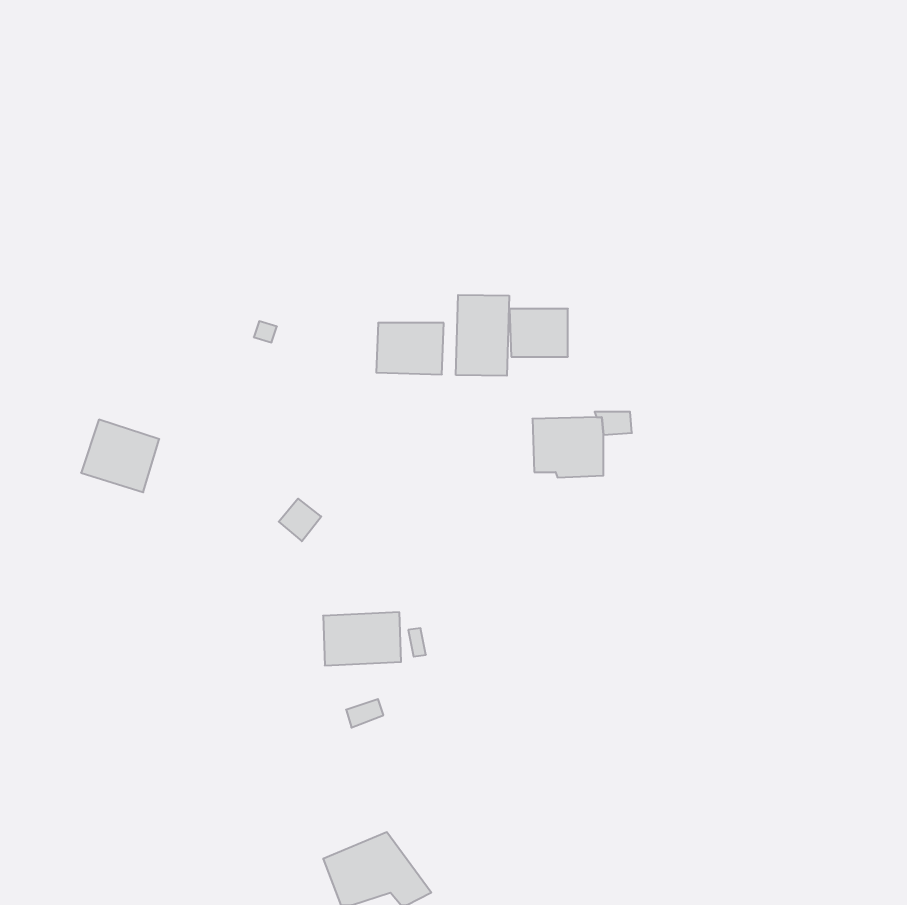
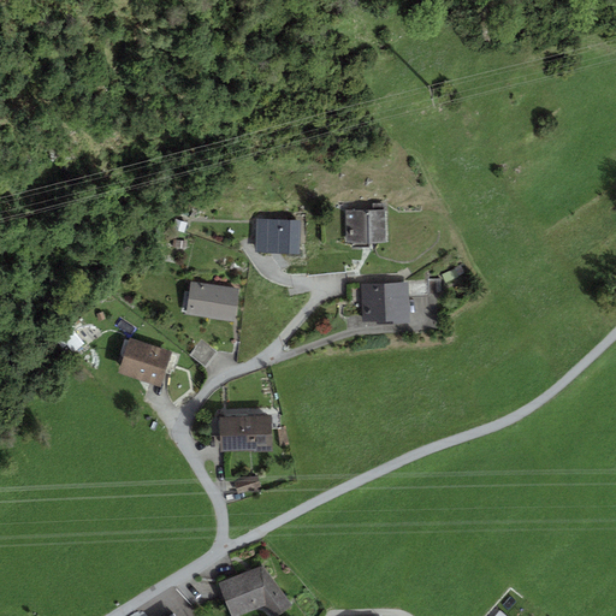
building: [456,295,509,376] -> none
building: none -> [186,282,239,320]
building: [81,420,159,492] -> [118,337,171,386]

